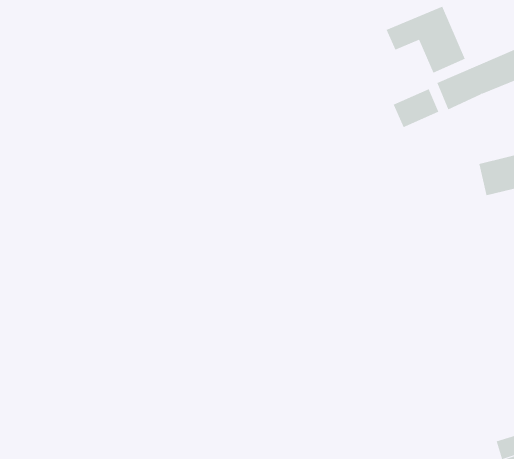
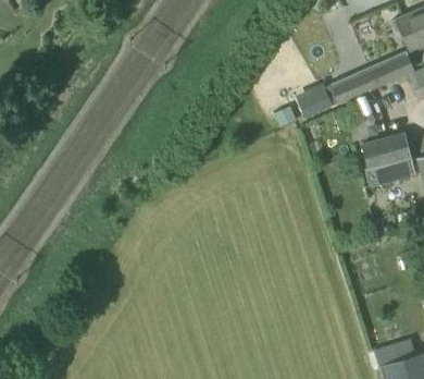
building: [386,6,465,74] -> none

